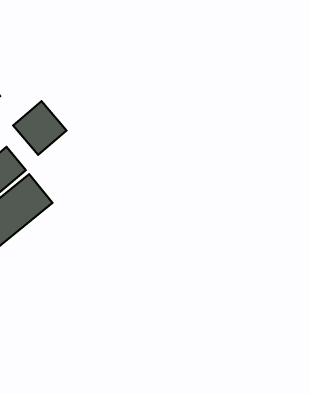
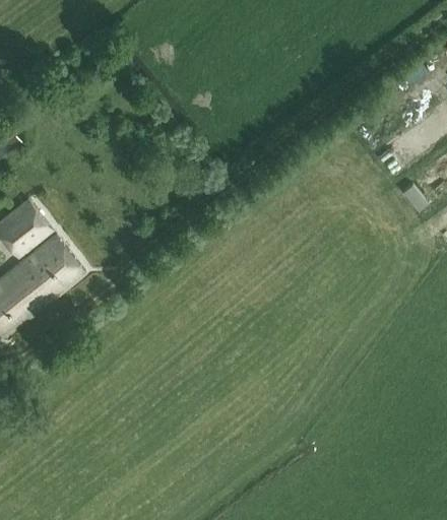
building: [13,101,66,155] -> none

